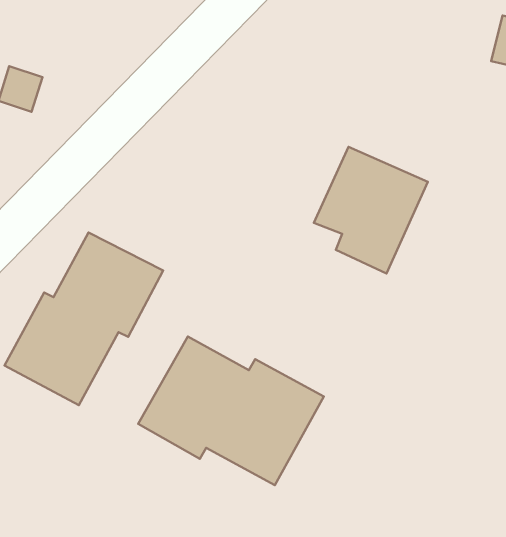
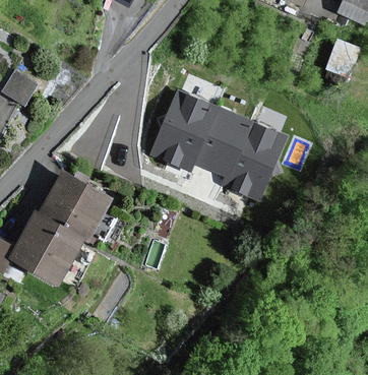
building: none -> [152,92,232,168]
building: [138,337,324,485] -> none

